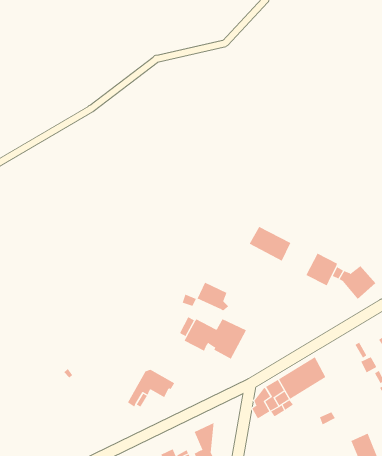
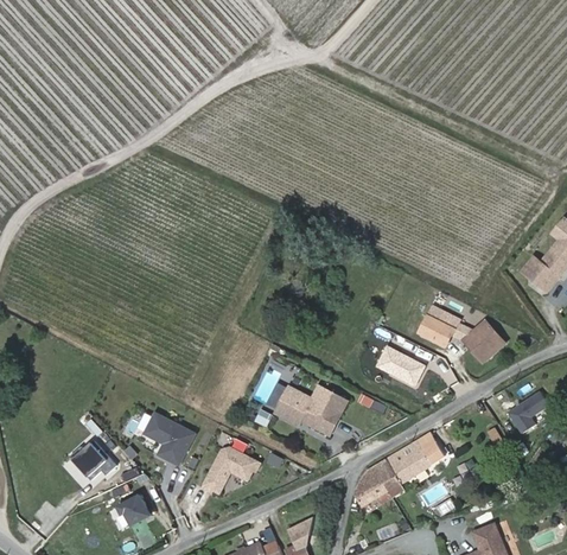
building: [249,226,291,261] -> [375,343,426,385]
building: [197,282,229,312] -> none
building: none -> [146,415,196,466]
building: none -> [70,439,117,479]
building: none -> [117,495,151,525]

